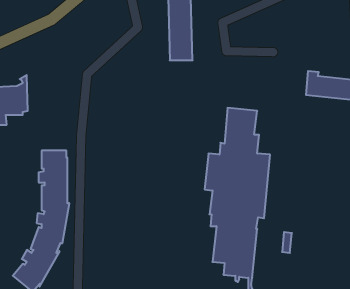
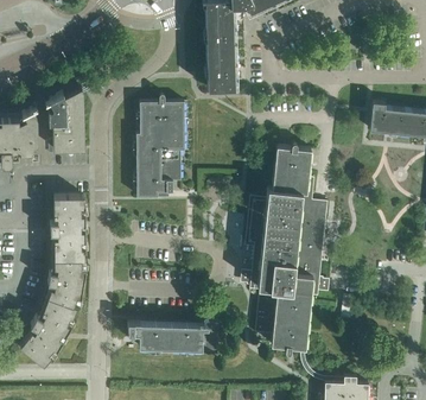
building: none -> [44,91,84,151]
building: none -> [135,103,184,198]
building: none -> [127,323,218,351]

